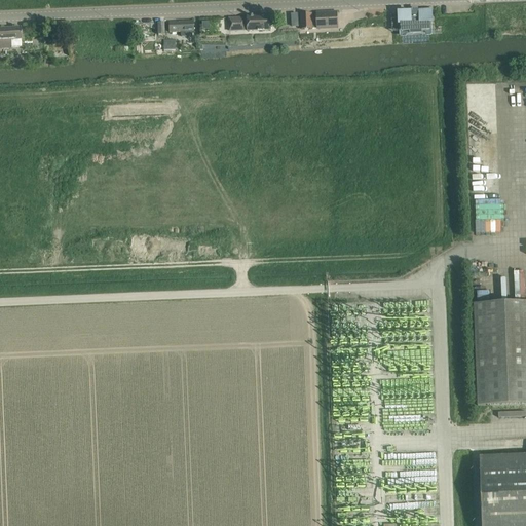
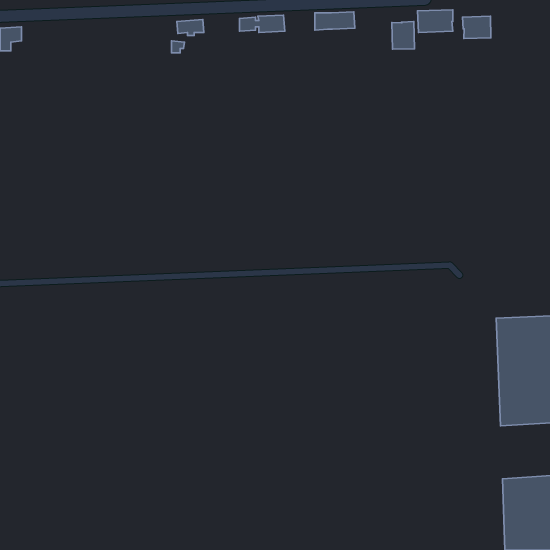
building: none -> [463,16,491,39]
building: none -> [392,21,415,49]

